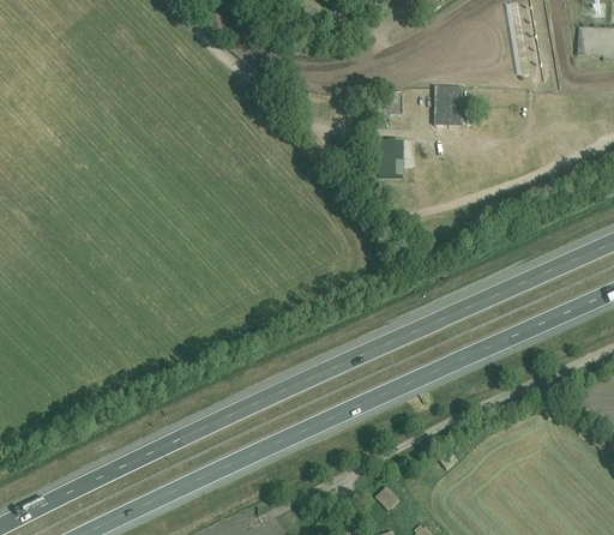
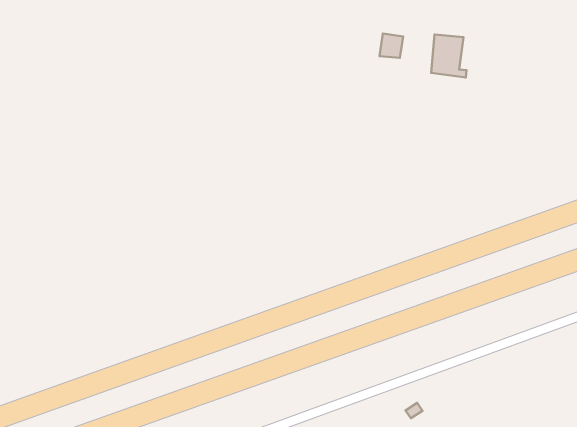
building: [378,140,403,180] -> none

